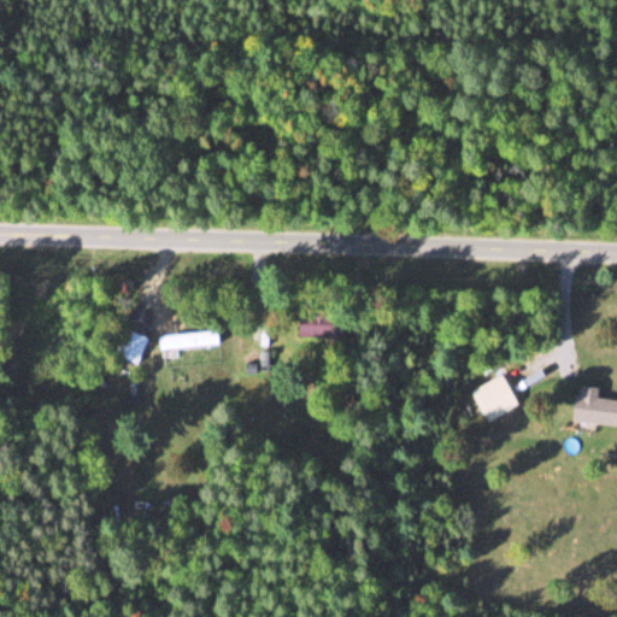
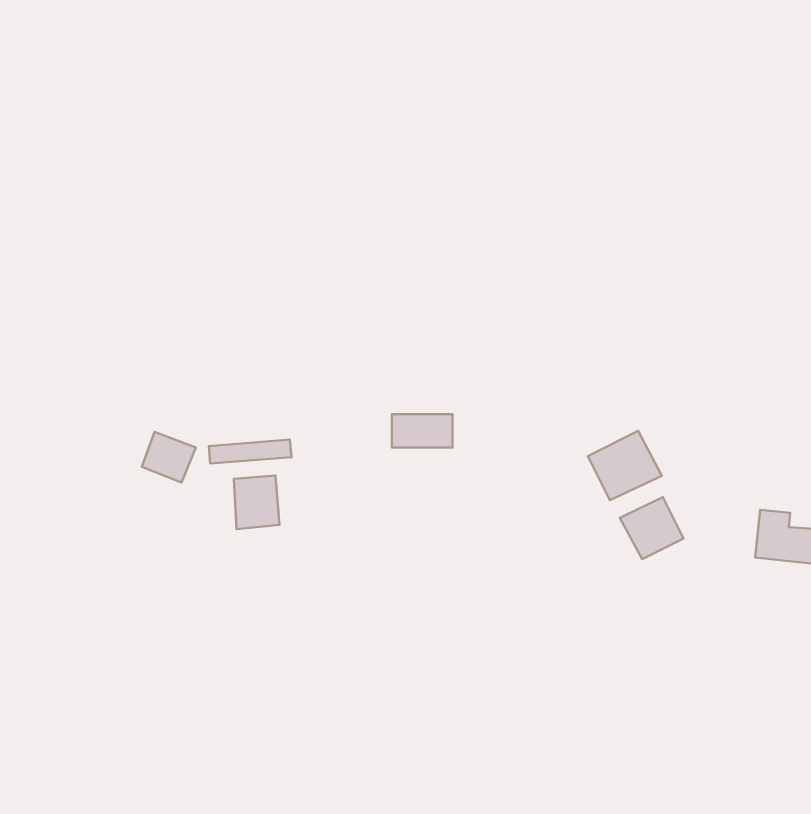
building: none -> [588,431,662,500]
building: none -> [234,476,279,529]

